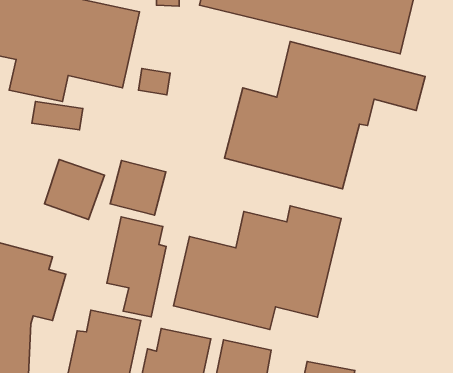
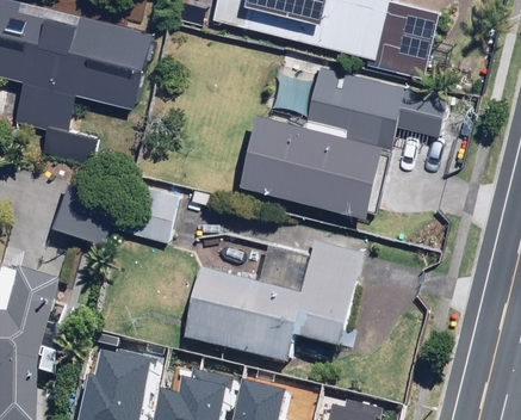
building: [107,217,166,317] -> none

